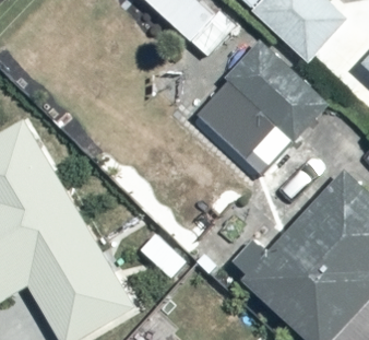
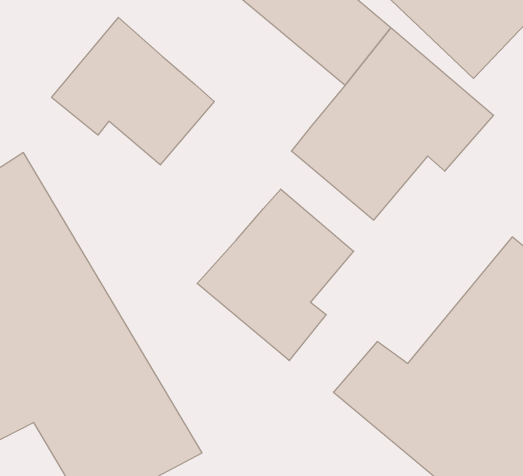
building: none -> [52,17,214,165]
building: none -> [197,189,354,361]

